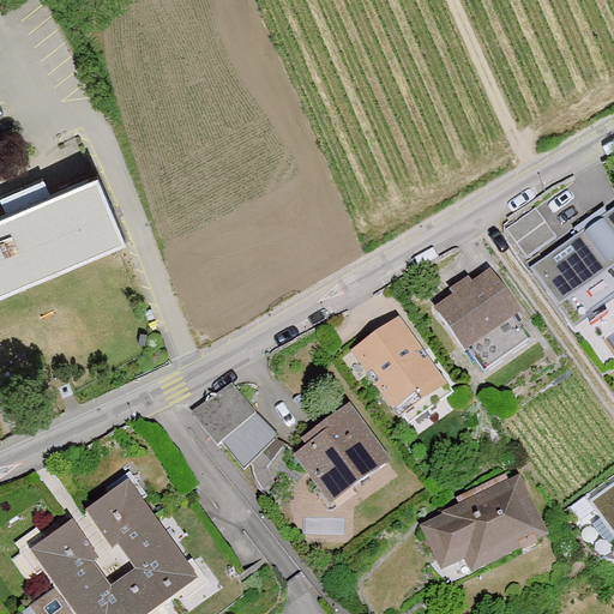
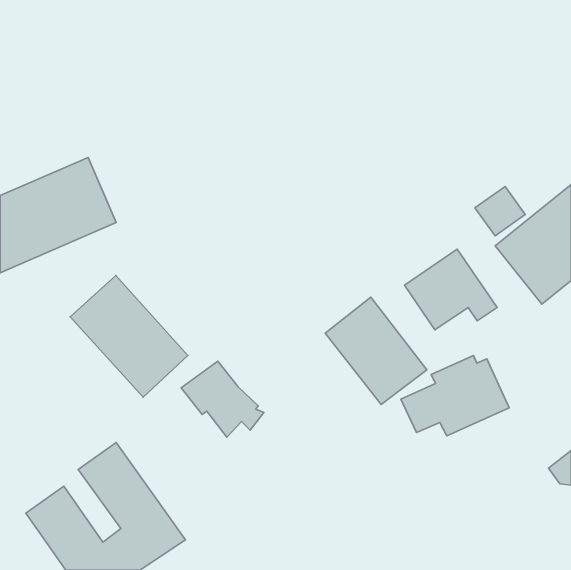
building: none -> [70,276,188,397]
building: [294,401,393,504] -> none
building: [426,480,542,566] -> [401,355,509,436]

